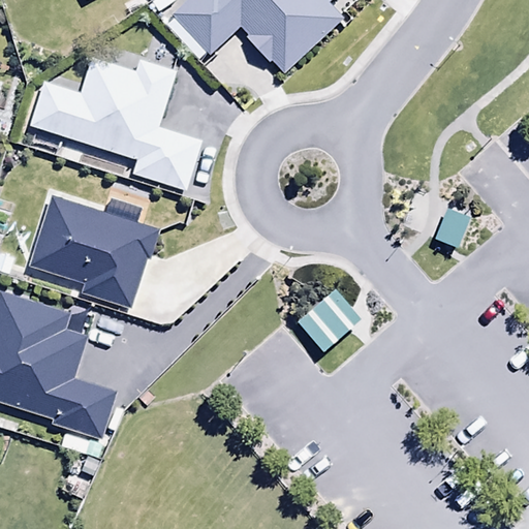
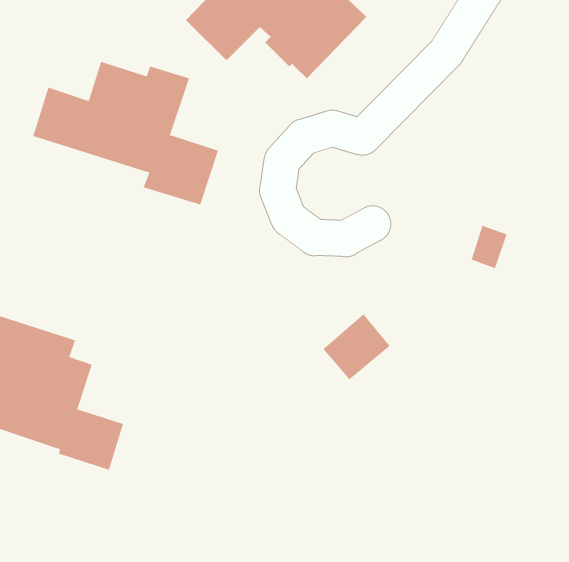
building: [28,194,158,305] -> none

